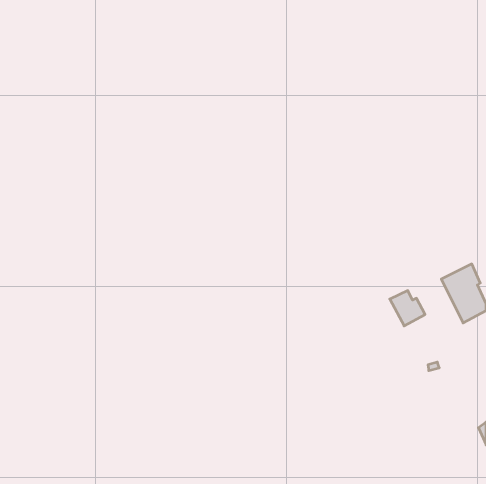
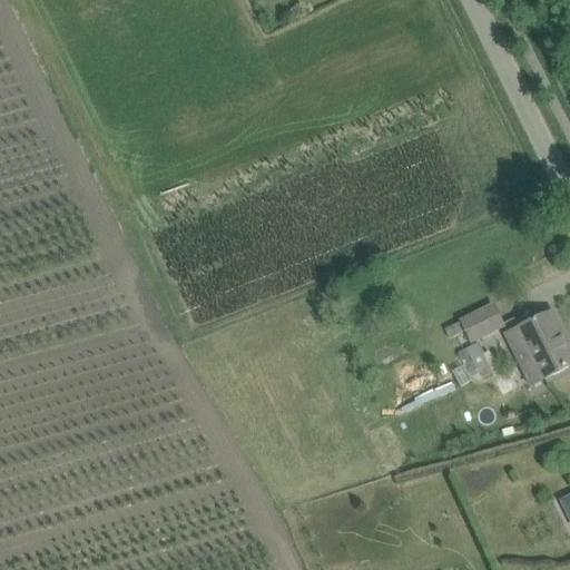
building: none -> [443,304,501,340]

